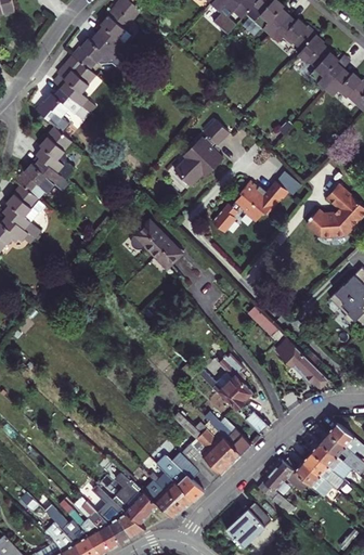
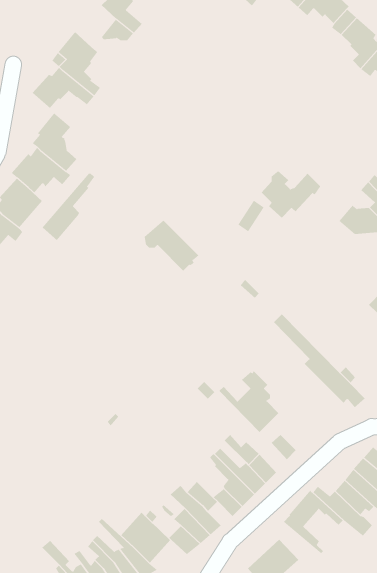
building: [73,34,108,70] -> none
building: [179,121,230,184] -> none
building: none -> [42,173,95,241]

